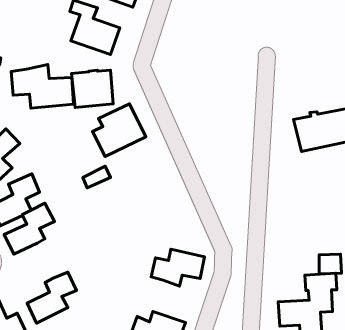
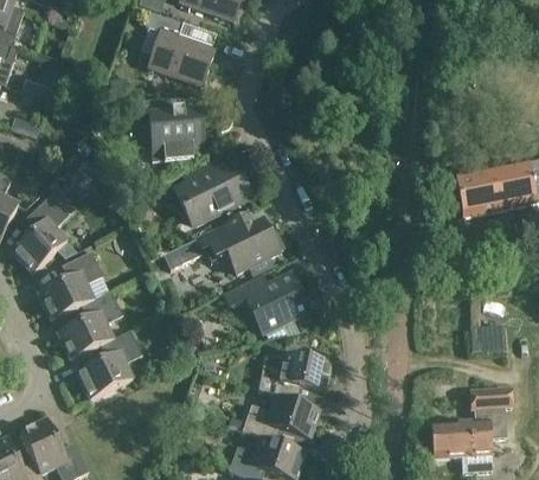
building: [11,65,74,108] -> none
building: none -> [199,216,281,274]
building: none -> [223,277,304,338]
building: [319,254,341,274] -> [471,322,502,350]
building: [27,272,76,323] -> [76,329,143,399]
building: none -> [227,395,319,441]

